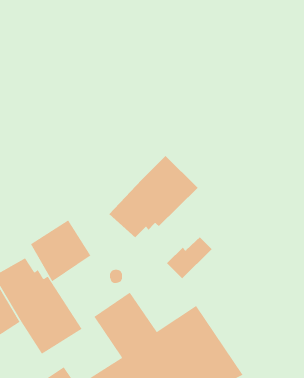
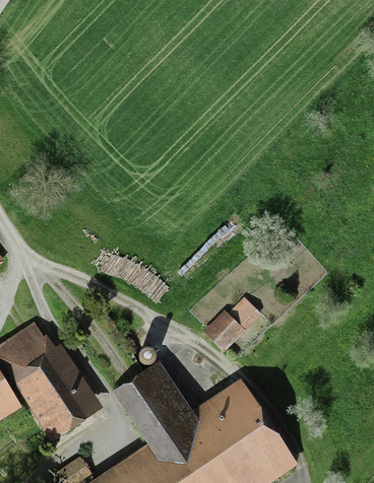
building: [109,155,198,238] -> none
building: [30,219,91,282] -> none

